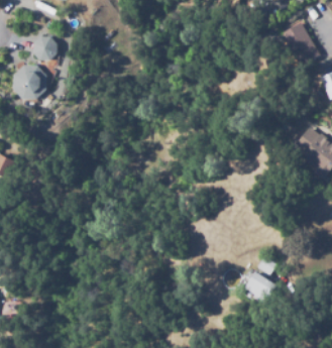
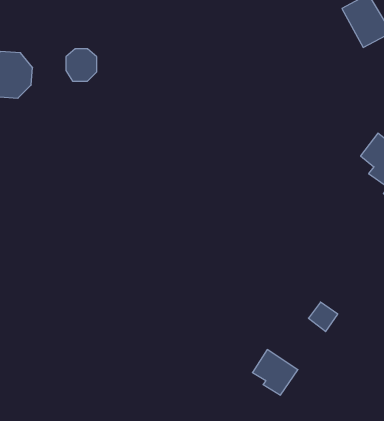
building: [32,36,56,61] -> [66,49,97,81]
building: [242,270,276,305] -> [252,350,298,395]

